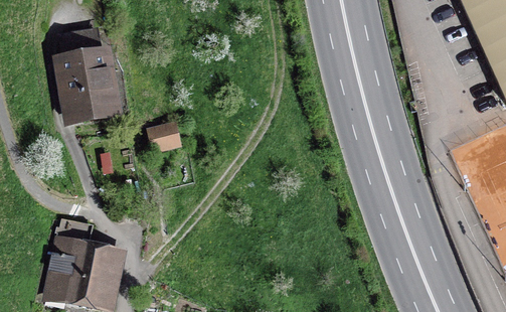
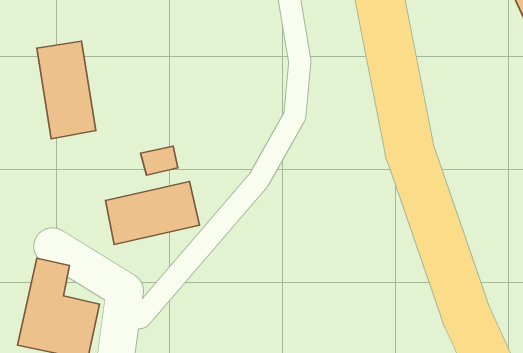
building: none -> [105,182,199,244]

